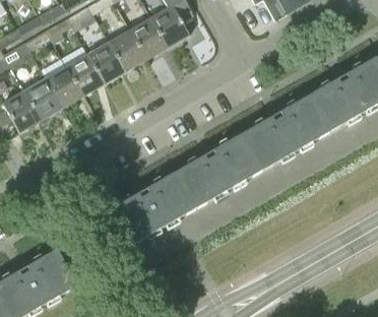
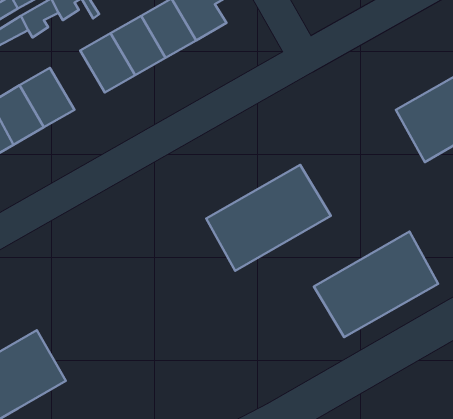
building: [66,53,105,94] -> none
building: [242,94,329,169] -> [314,232,438,337]
building: [109,171,196,246] -> none

